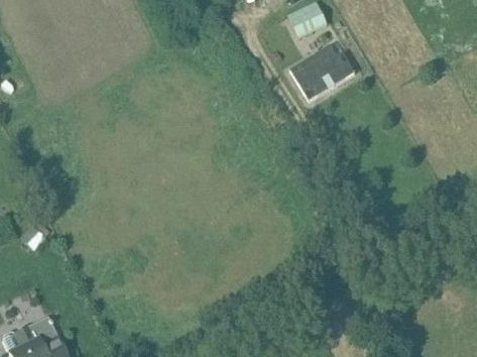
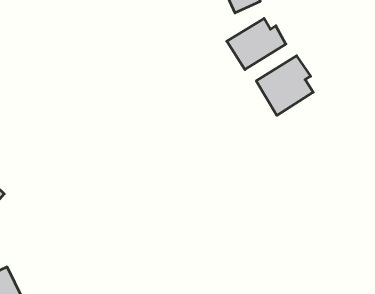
building: none -> [256,56,313,115]

